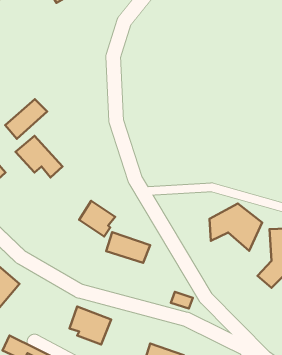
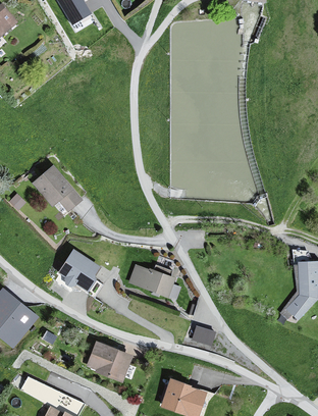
building: [5,99,47,139] -> none
building: [79,201,115,237] -> [62,251,99,288]
building: [209,203,262,251] -> none

